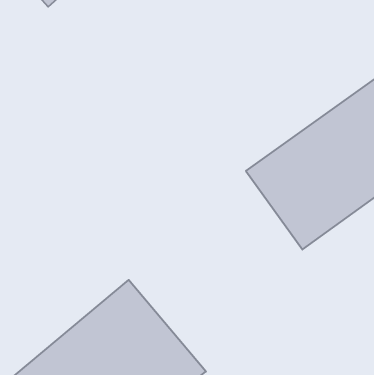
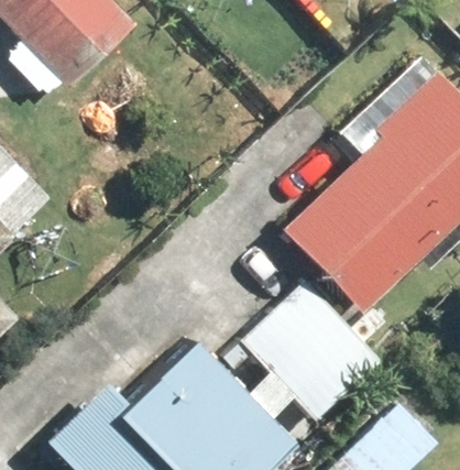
building: none -> [247,287,375,415]

